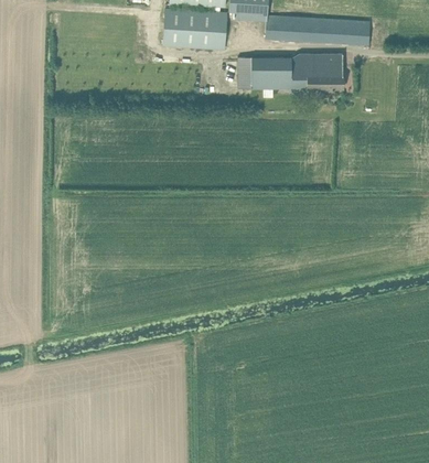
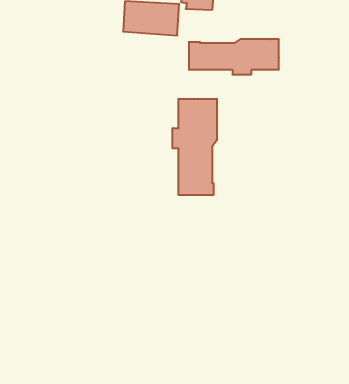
building: [265,15,369,44] -> none
building: none -> [173,99,217,195]

